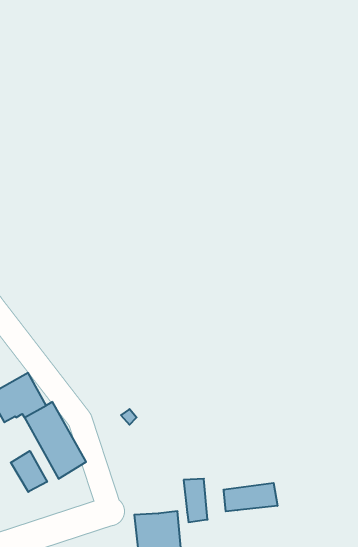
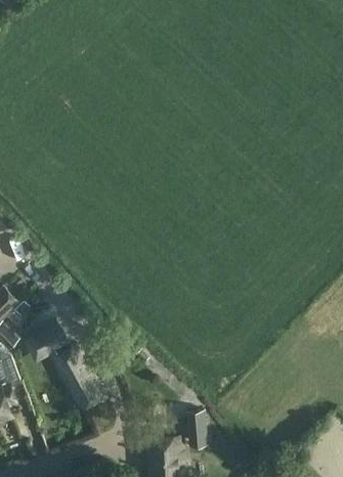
building: [11,451,47,492] -> none
building: [224,483,277,511] -> none

